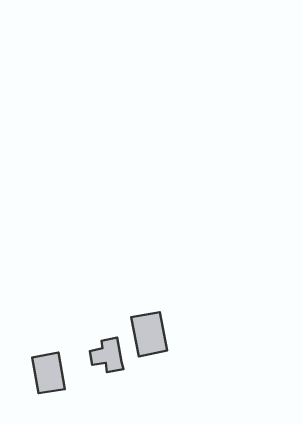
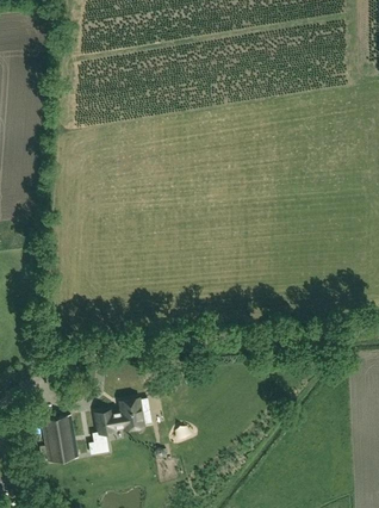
building: [131,312,167,356] -> none

